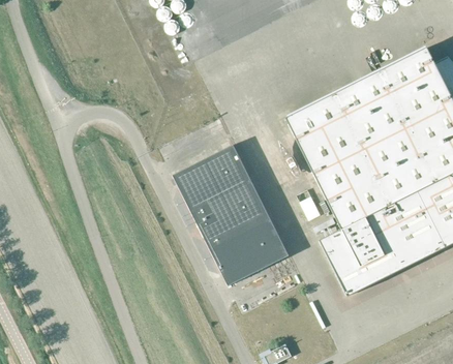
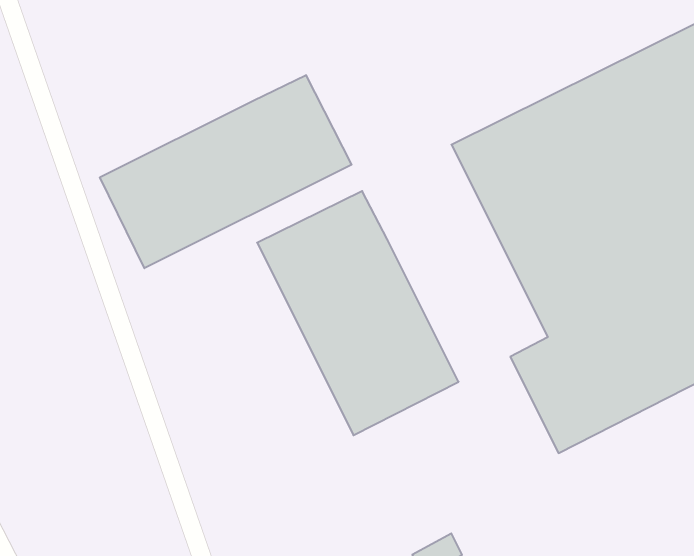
building: none -> [100,75,352,268]

